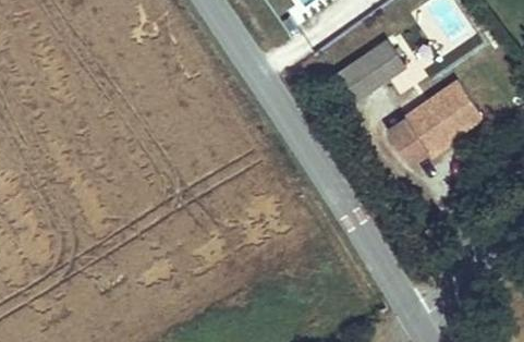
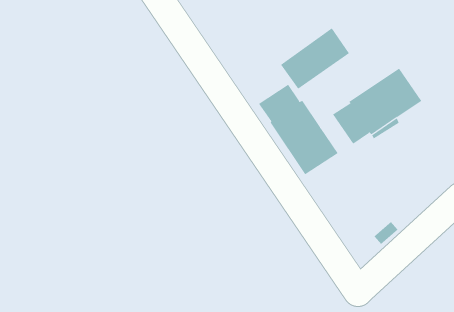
building: none -> [258,84,338,175]

